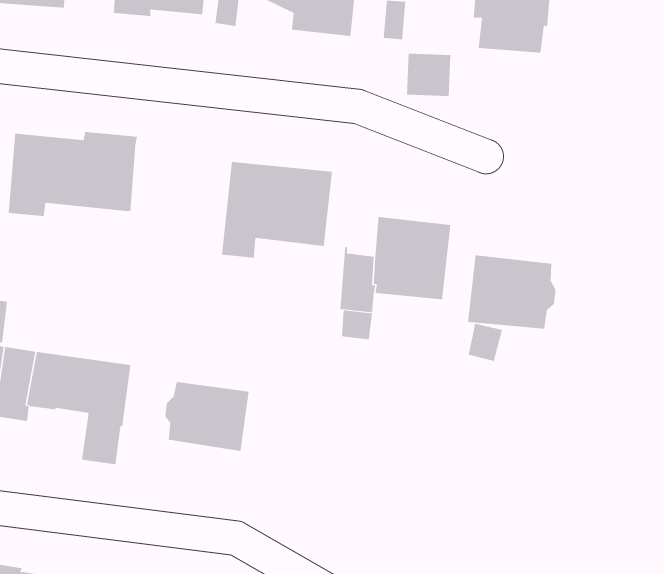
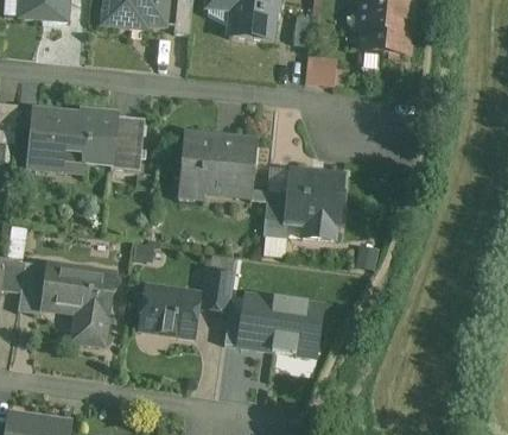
building: none -> [110,118,144,171]
building: [468,255,556,330] -> none
building: none -> [201,270,234,311]
building: none -> [237,289,324,360]

